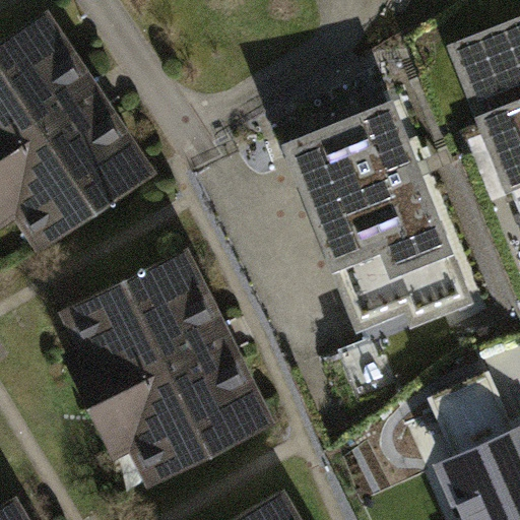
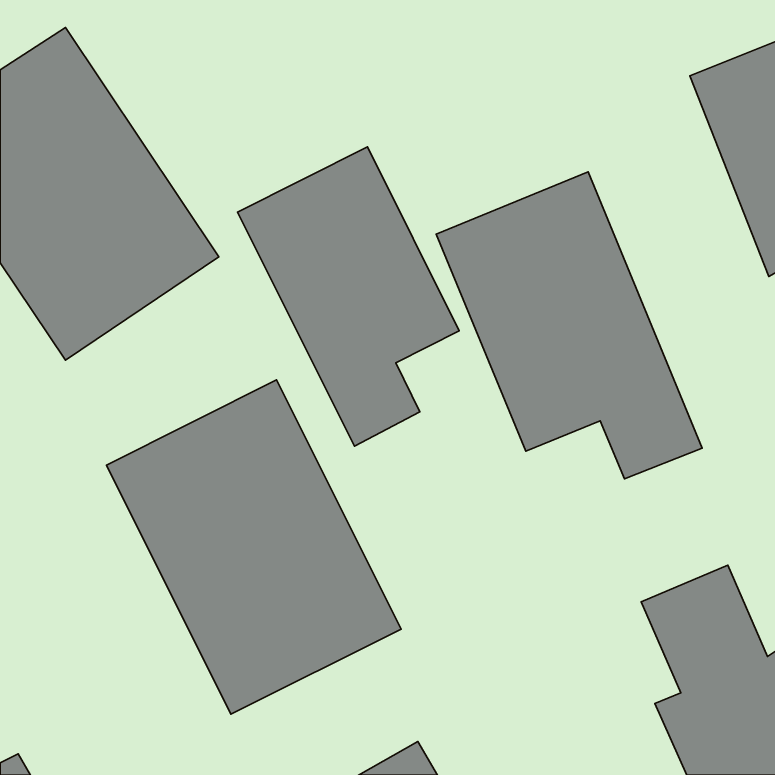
building: none -> [238,147,459,446]

